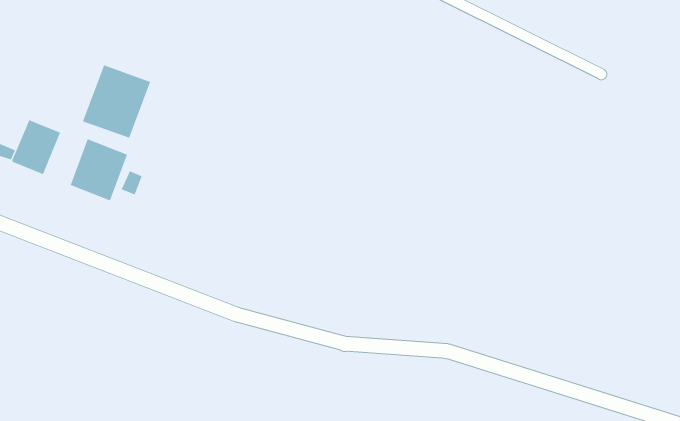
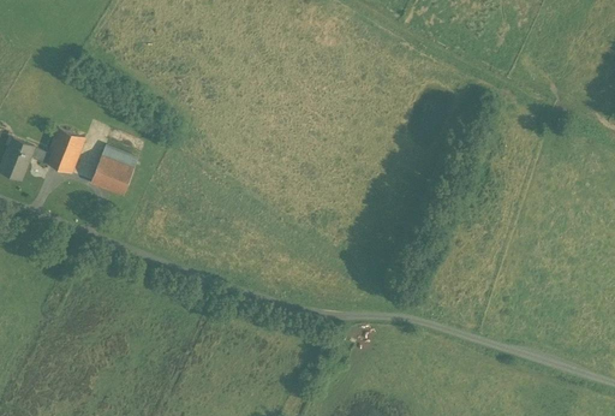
building: [82,65,151,138] -> none

